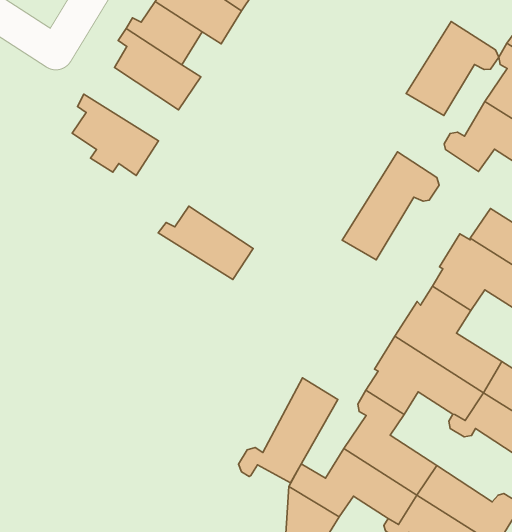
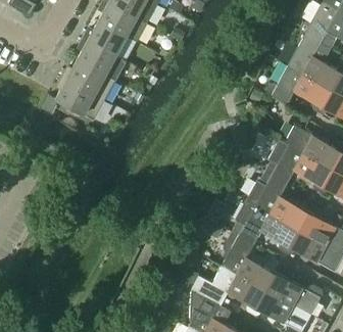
building: [406,21,499,116] -> none
building: [342,152,439,260] -> none
building: [158,206,253,280] -> [60,60,114,100]
building: [239,378,338,483] -> none

